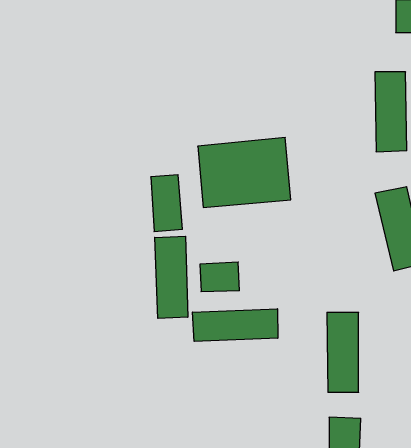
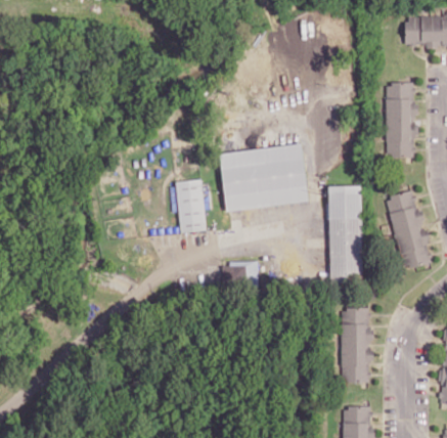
building: none -> [328,185,362,279]
building: [155,236,188,318] -> none
building: [193,309,278,341] -> none

